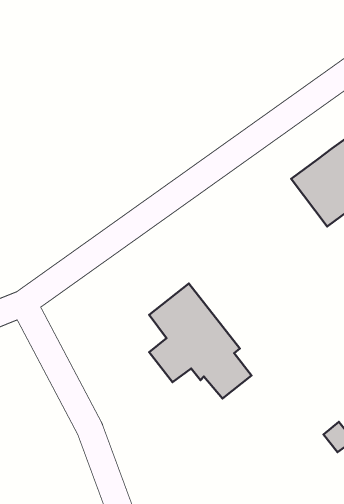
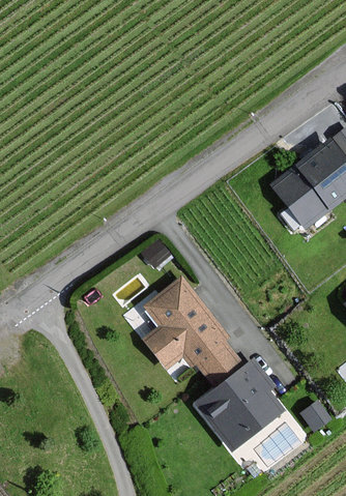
building: none -> [195,360,281,450]

